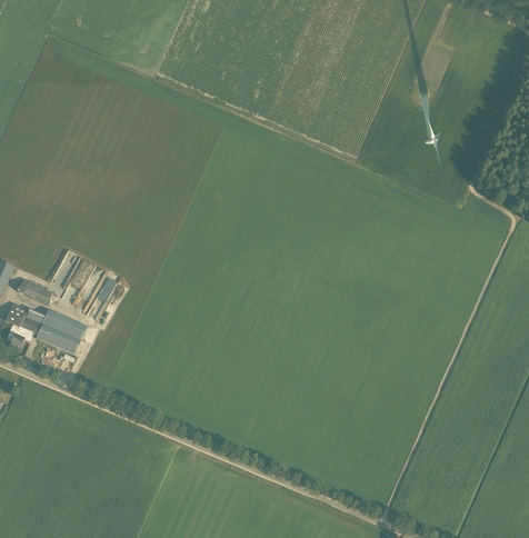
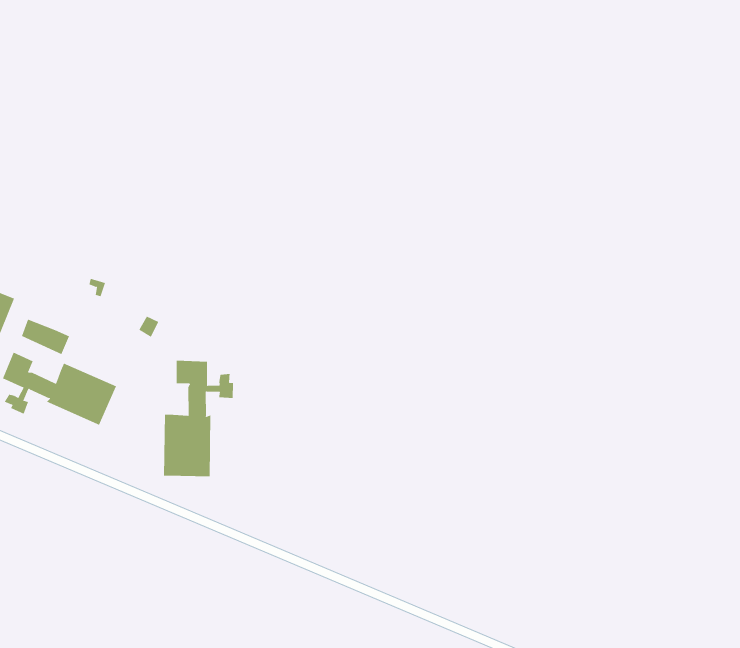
building: none -> [164,360,233,477]

